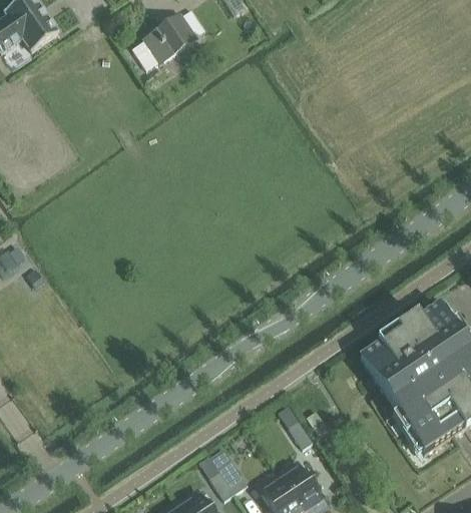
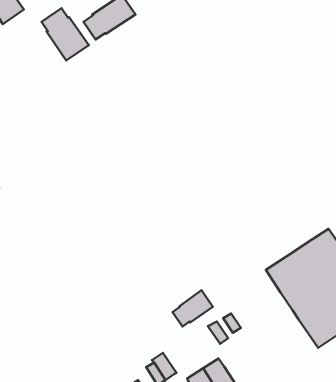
building: none -> [41,8,89,61]
building: none -> [173,290,213,327]

